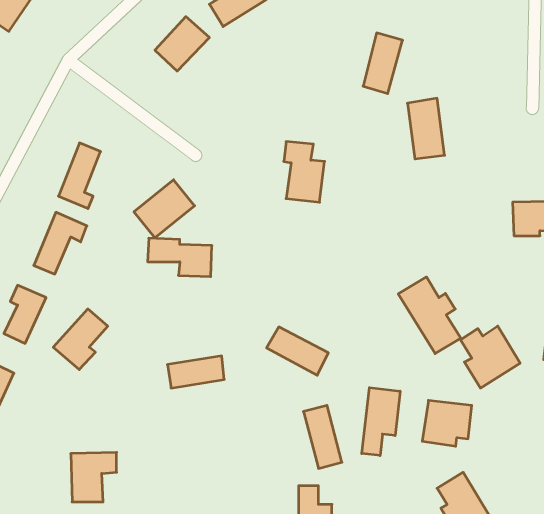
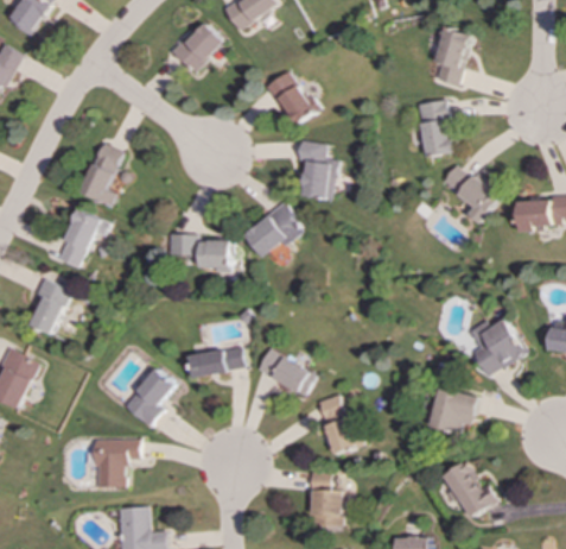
building: [363,33,403,94] -> [433,27,471,86]
building: none -> [265,70,313,126]
building: none -> [440,162,498,222]
building: [134,180,195,238] -> [242,202,300,258]
building: [398,277,461,354] -> none
building: [53,309,108,370] -> [120,367,172,425]
building: [267,327,328,375] -> [253,348,312,395]
building: [362,388,400,456] -> none

